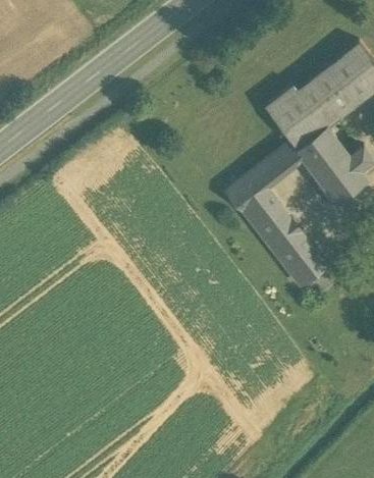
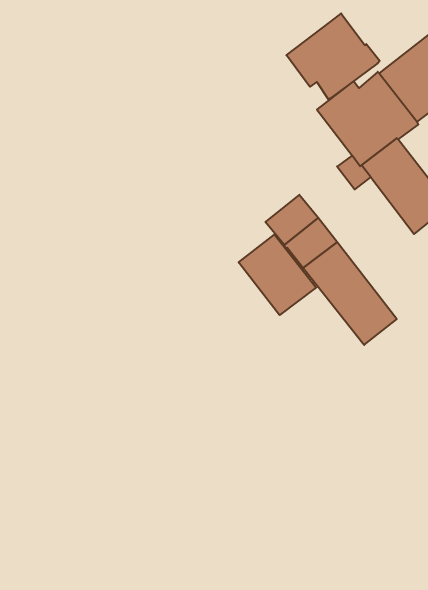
building: none -> [286,13,380,100]
building: [252,151,293,190] -> none
building: none -> [239,234,316,315]

